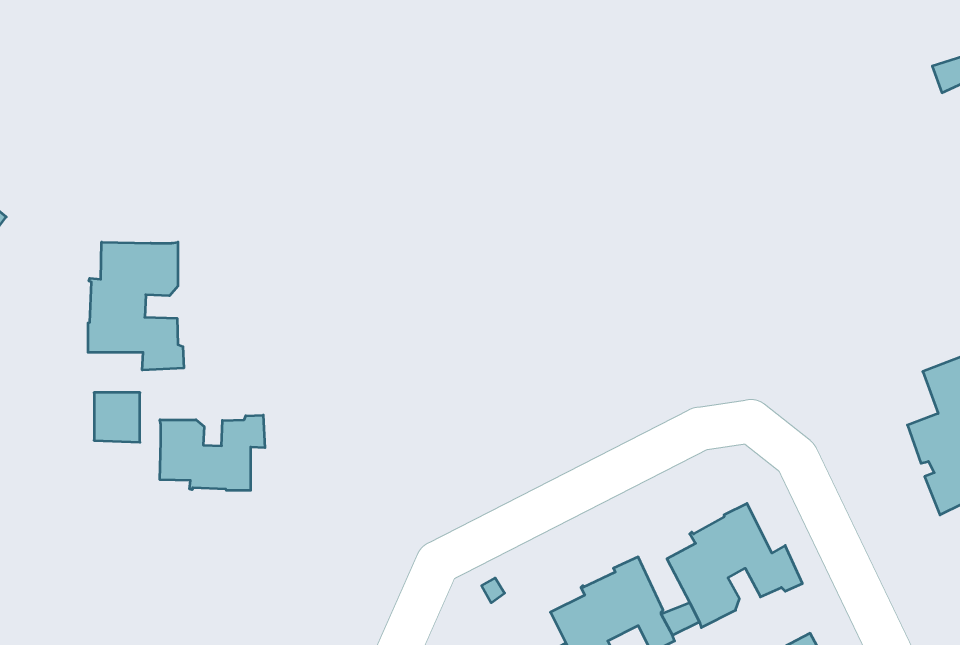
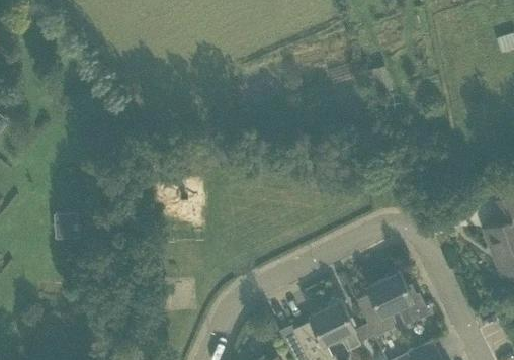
building: [88,242,184,370] -> none
building: [160,415,265,490] -> none

